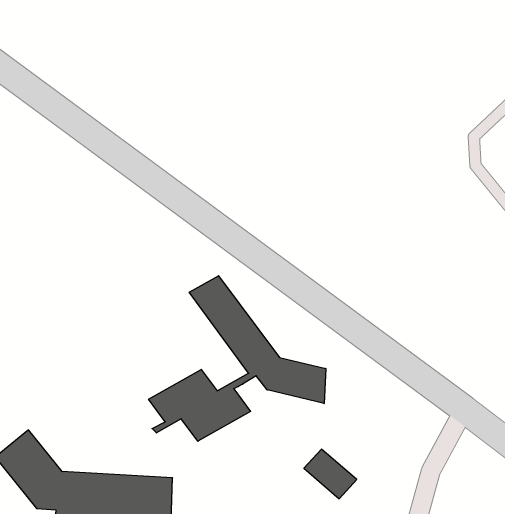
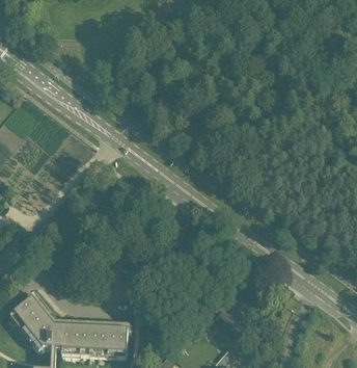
building: [149,276,326,441] -> none

